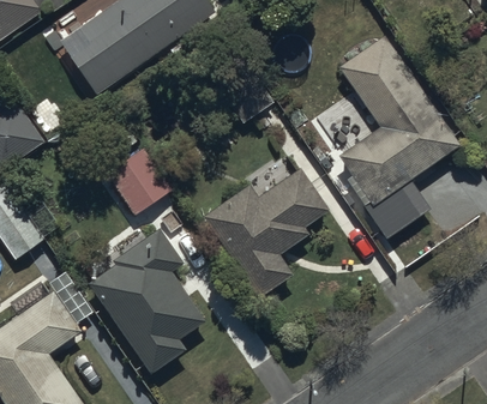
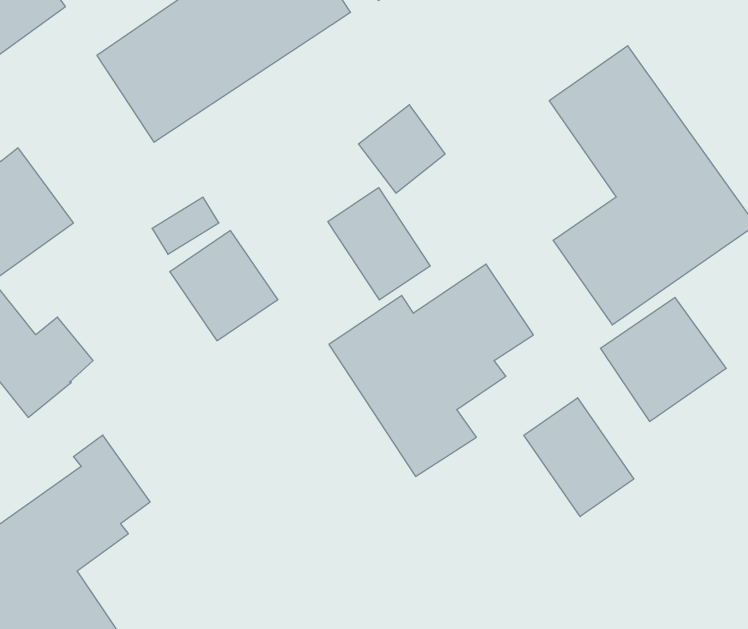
building: none -> [328,188,430,300]
building: [88,228,205,373] -> none
building: none -> [524,398,634,517]

